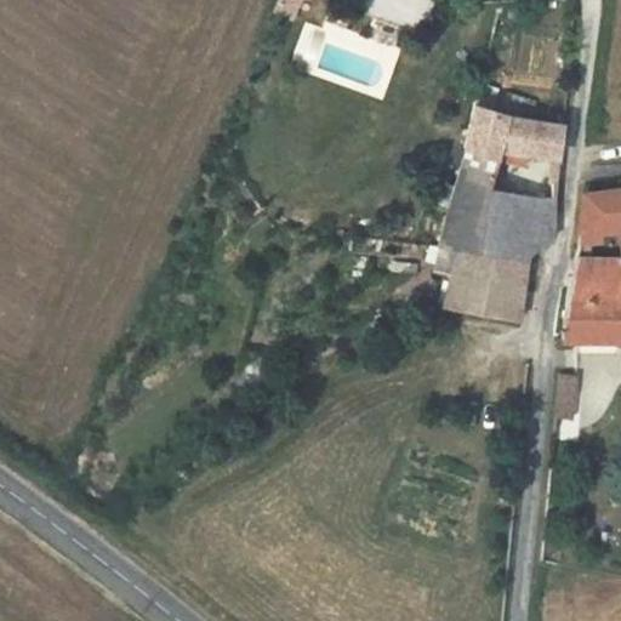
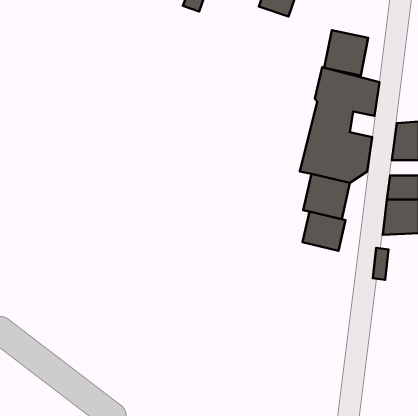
building: none -> [324,30,368,75]
building: none -> [302,212,346,251]

